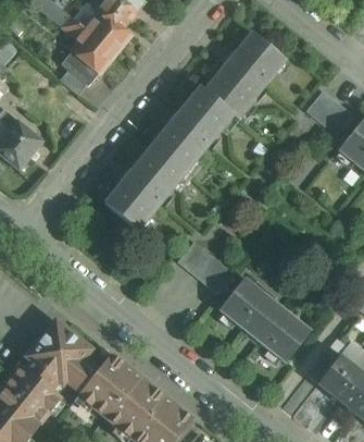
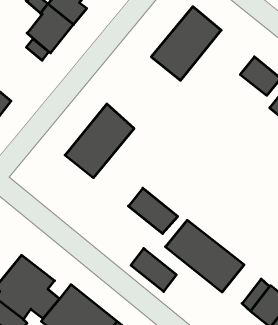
building: [152,87,233,173] -> none
building: none -> [131,248,176,292]

